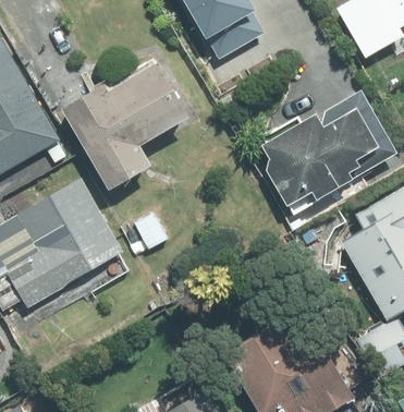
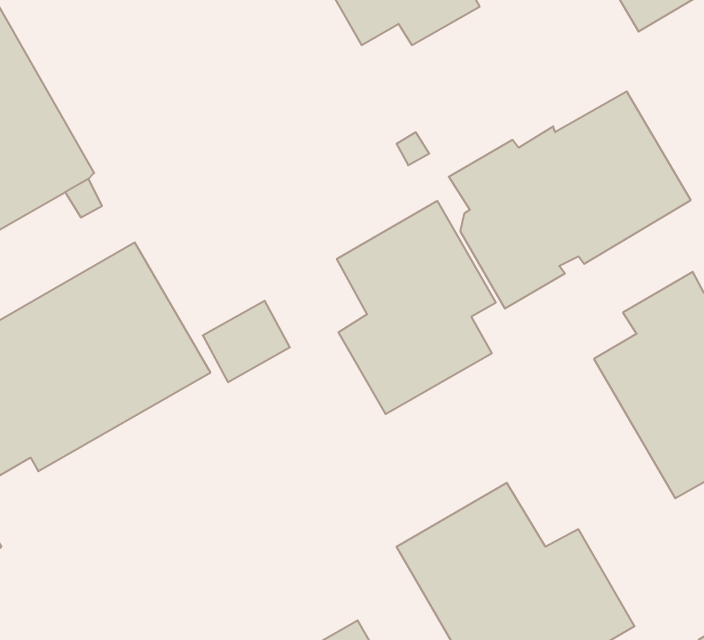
building: [62,60,192,189] -> none
building: none -> [337,201,496,414]

